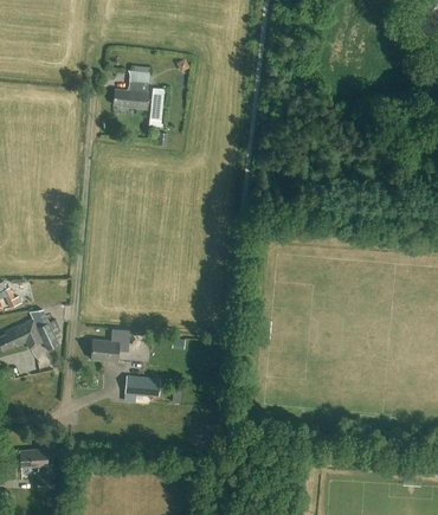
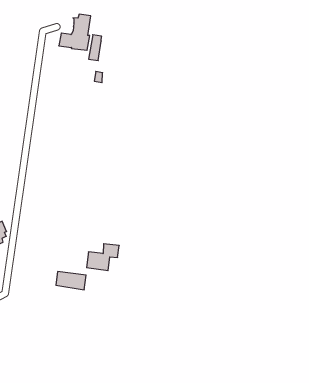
building: [91,329,129,361] -> [87,244,119,271]

